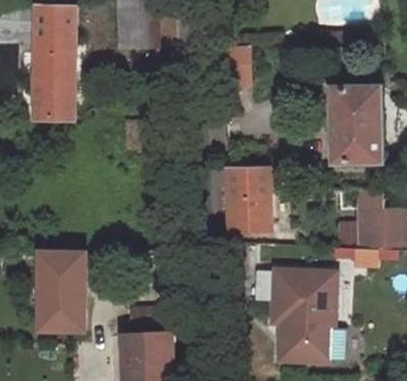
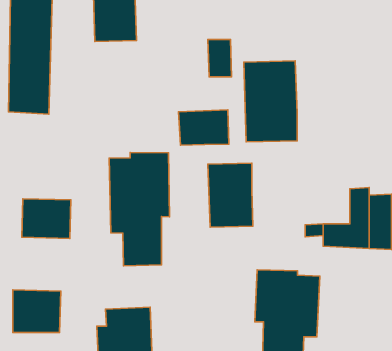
building: [330,85,381,163] -> [244,61,297,142]
building: none -> [178,110,229,145]
building: none -> [109,153,169,266]
building: [37,253,84,291] -> [22,199,71,238]

